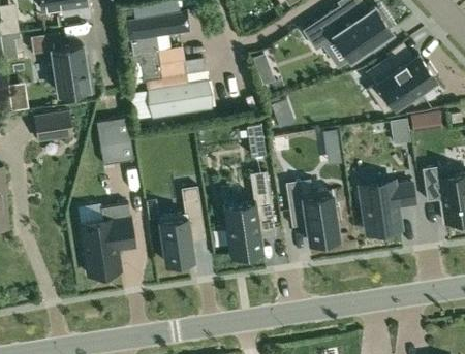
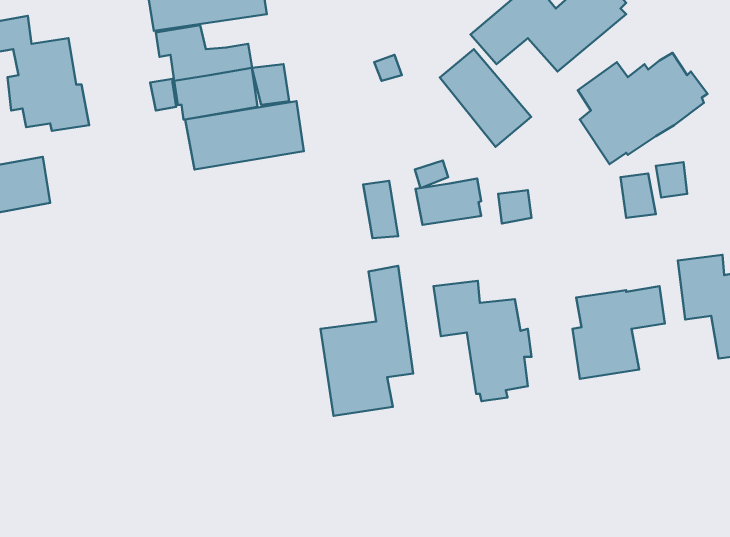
building: none -> [440,49,531,147]
building: [97,117,135,165] -> none
building: none -> [416,179,481,225]
building: [159,187,206,264] -> none
building: [81,204,135,277] -> none

